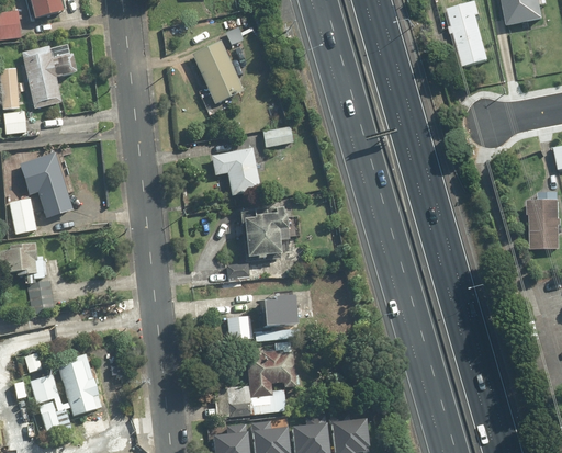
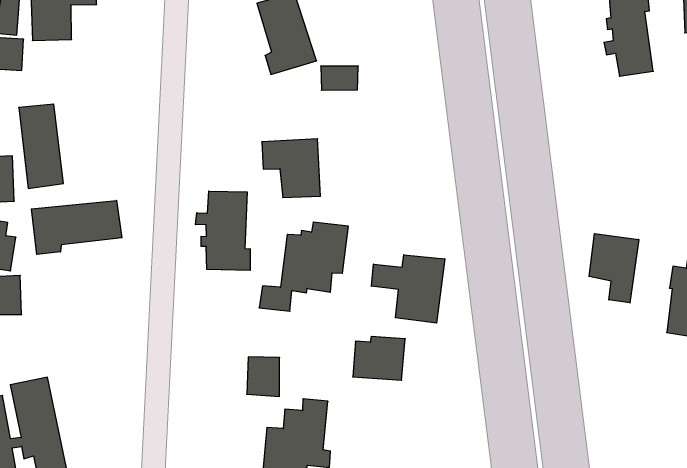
building: [262,125,292,147] -> [321,66,358,90]
building: none -> [589,234,639,303]
building: none -> [196,191,250,270]
building: none -> [31,200,122,254]
building: none -> [371,255,445,323]
building: [257,294,295,328] -> [353,336,405,380]

